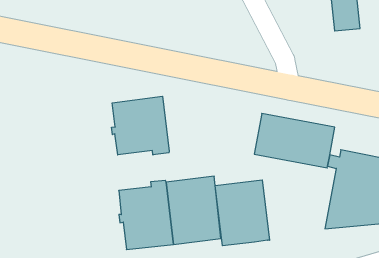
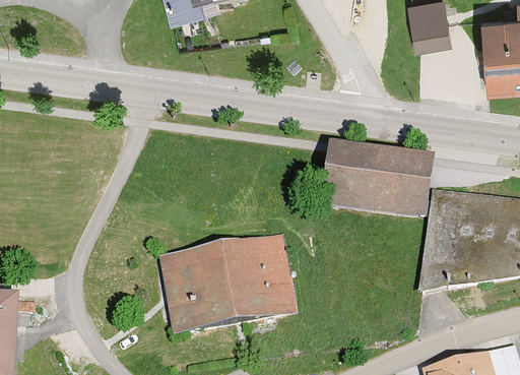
building: [112,96,169,155] -> none
building: [215,180,270,246] -> none

